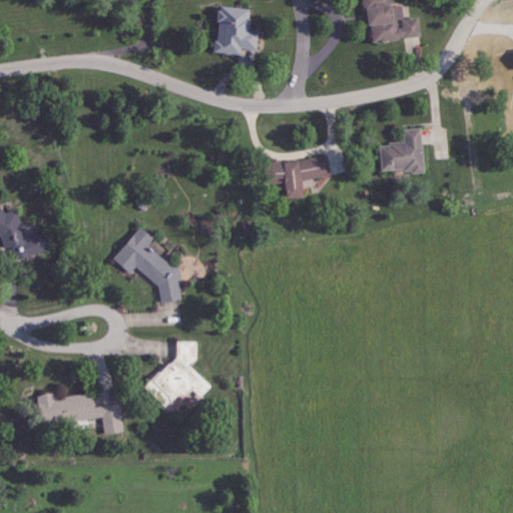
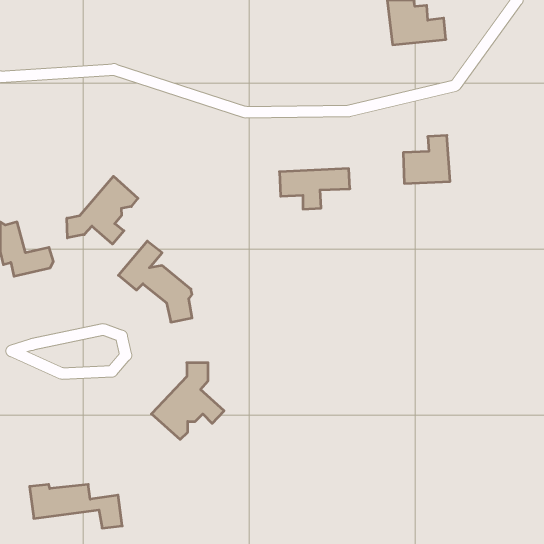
building: [214,6,259,55] -> none
building: none -> [67,176,138,244]
building: [37,394,124,435] -> [30,484,122,528]

